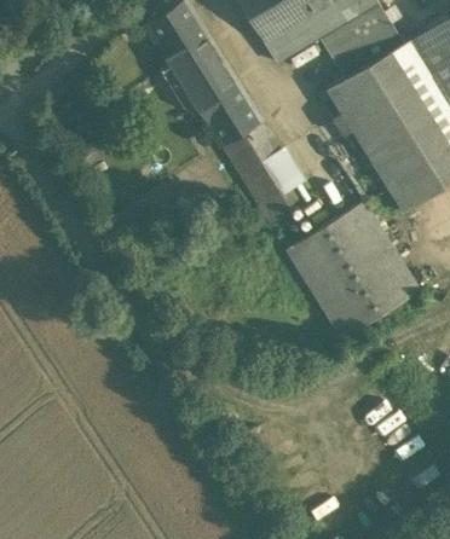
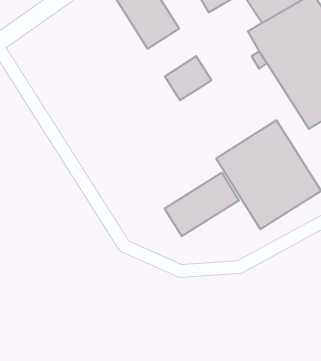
building: [200,85,261,145] -> none
building: [241,157,296,225] -> none
building: none -> [165,173,239,236]

